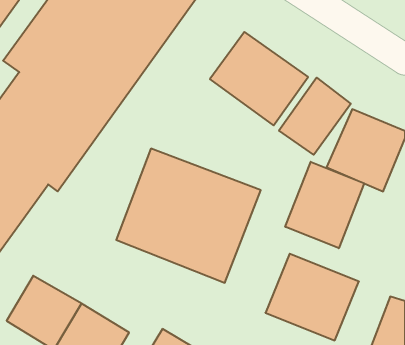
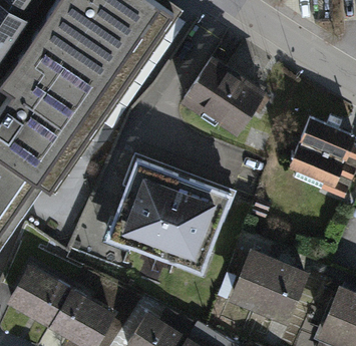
building: [279,78,351,155] -> none
building: [285,162,364,248] -> none

